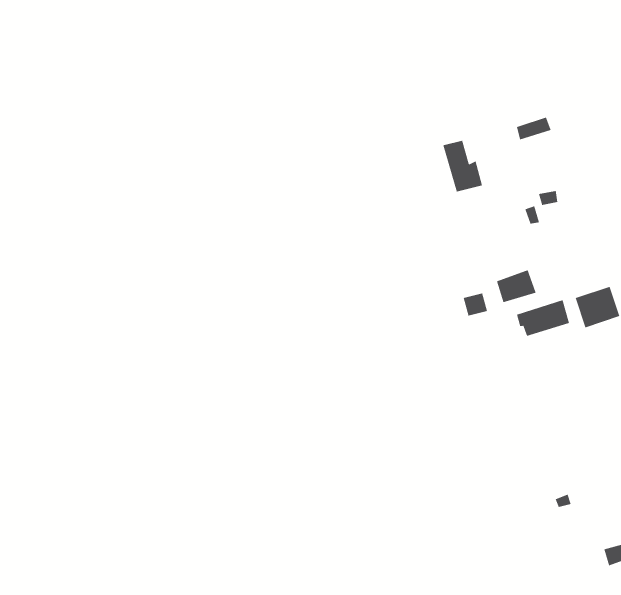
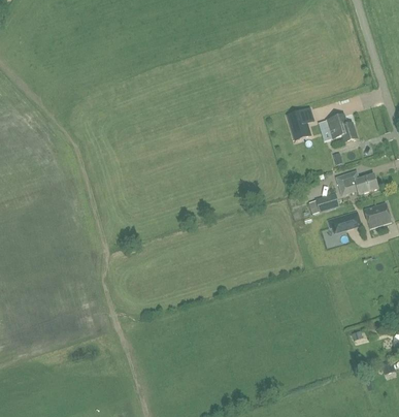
building: none -> [327,114,357,141]
building: none -> [337,170,378,193]

